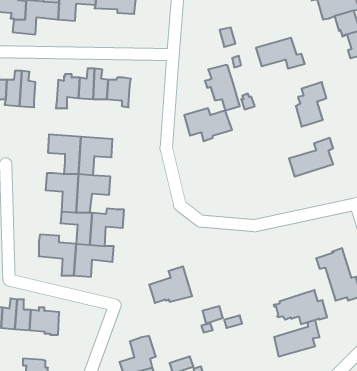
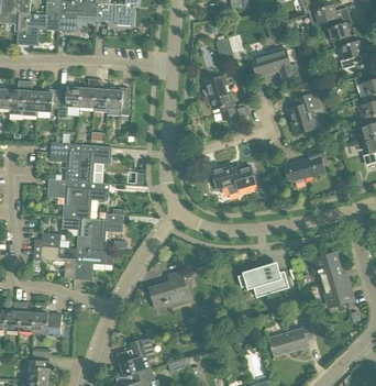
building: none -> [36,89,59,111]
building: [184,108,232,141] -> [210,163,256,195]
building: [274,290,327,324] -> [236,261,288,294]

